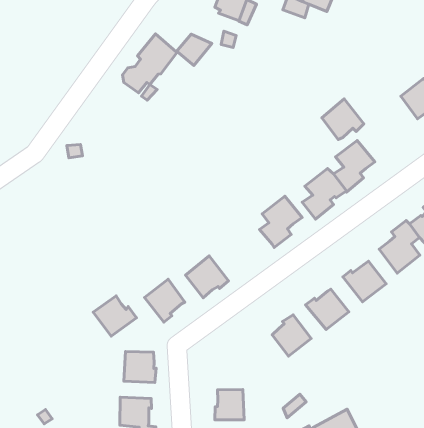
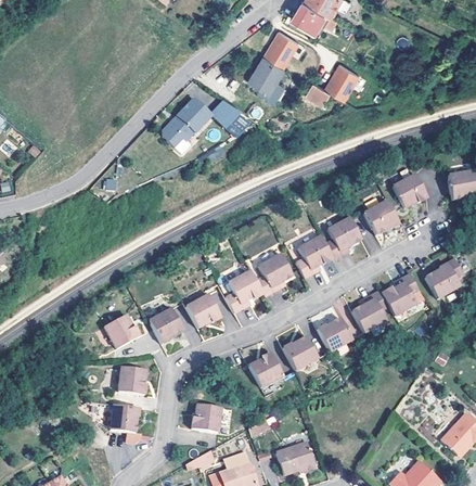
building: [322,99,364,139] -> [368,199,402,232]
building: none -> [226,268,265,309]

